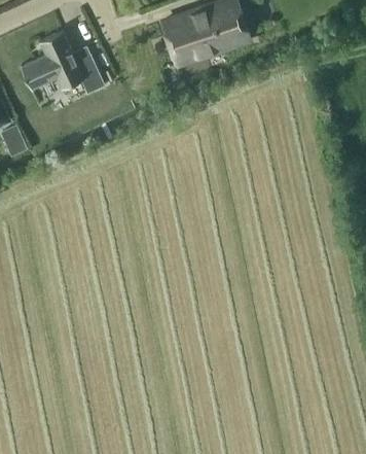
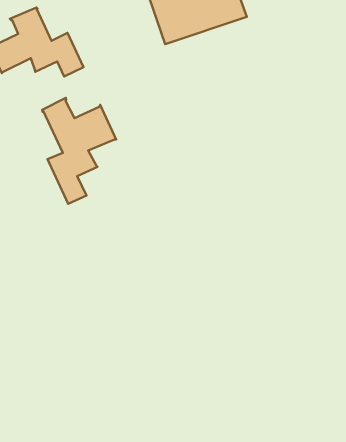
building: none -> [42,98,116,204]

